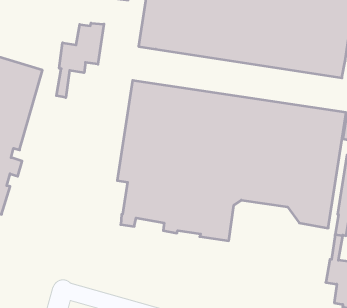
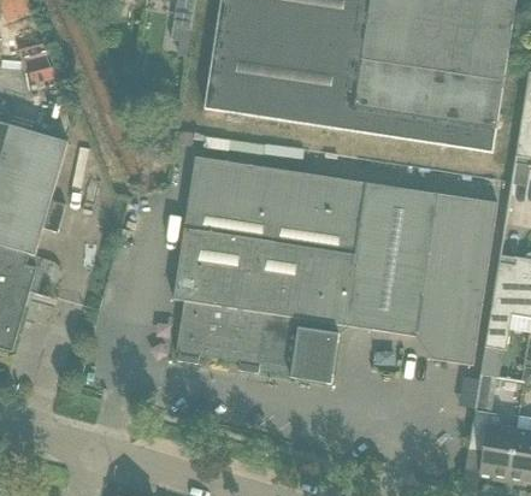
building: [56,23,104,98] -> none

